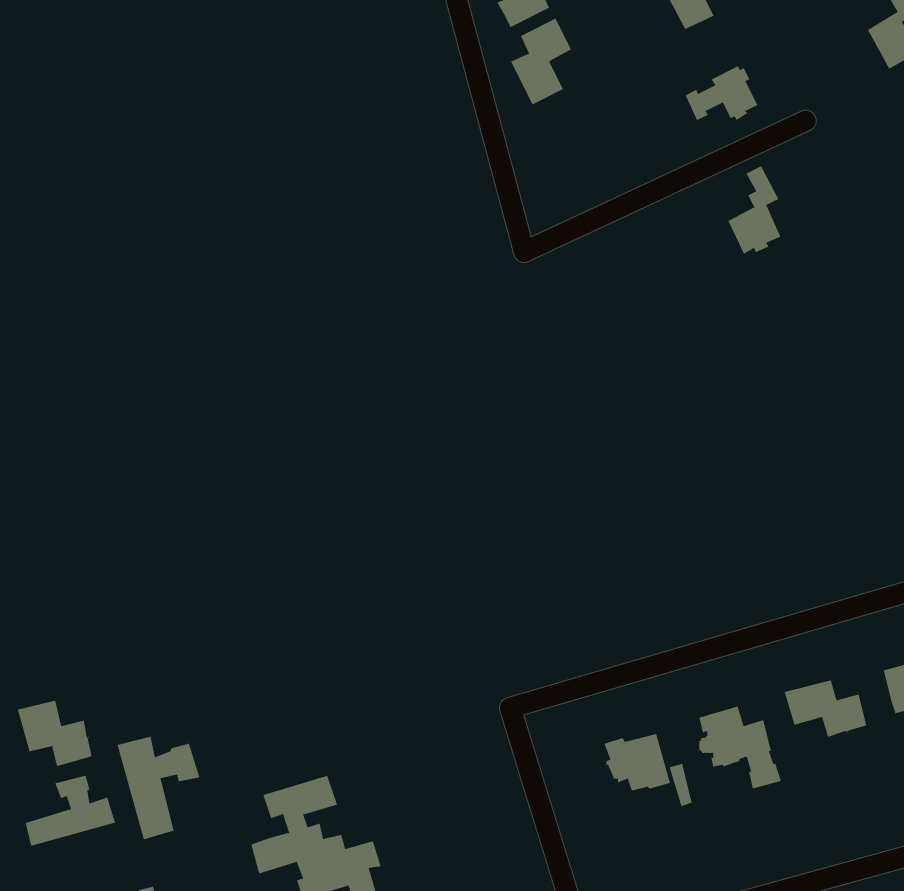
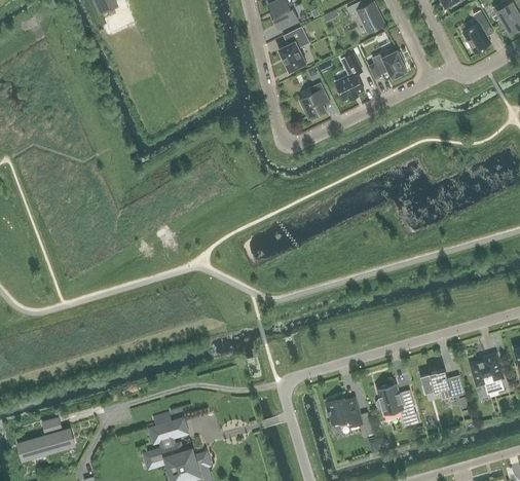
building: none -> [303,82,329,119]
building: [728,165,781,255] -> [335,53,363,100]
building: [17,700,92,767] -> none
building: [117,736,200,840] -> none

